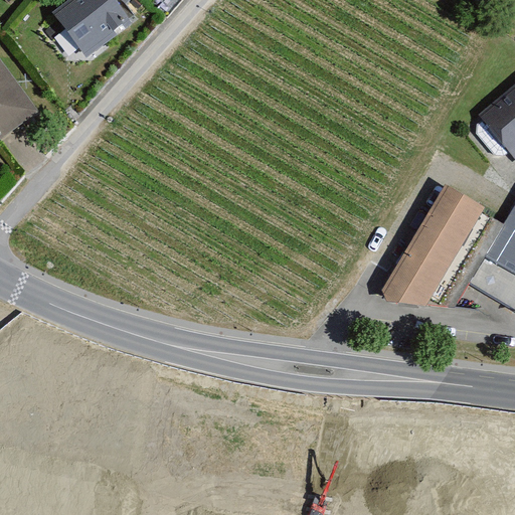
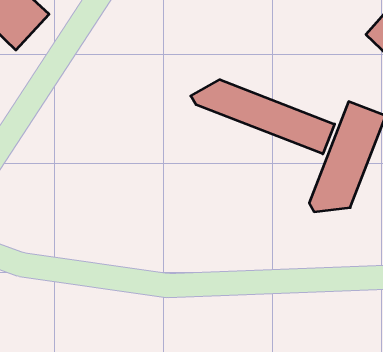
building: none -> [191,80,335,154]

